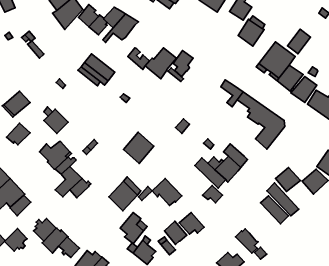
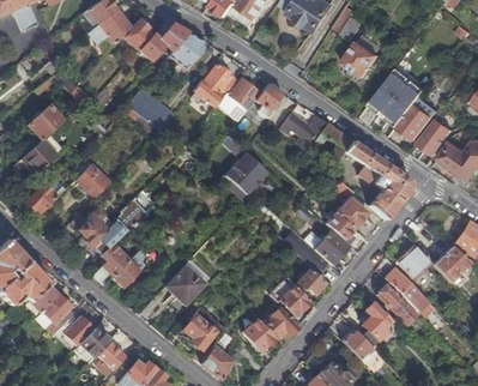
building: [288,29,311,54] -> none
building: none -> [204,64,236,97]
building: none -> [26,104,63,140]
building: none -> [278,114,323,150]
building: none -> [333,181,367,229]
building: [123,132,154,163] -> [223,151,265,194]
building: [152,179,182,206] -> [268,278,309,315]
building: none -> [359,301,391,346]
building: [4,228,27,251] -> [40,292,71,324]

